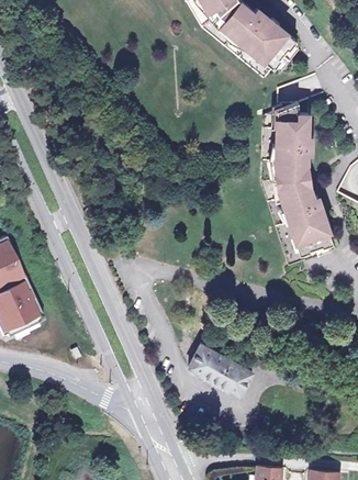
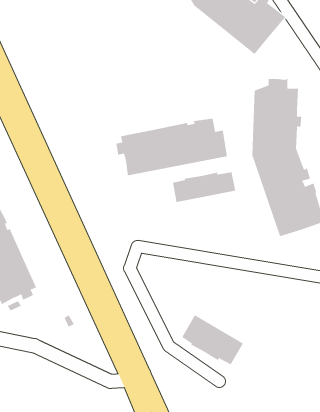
building: none -> [116,118,228,176]
building: none -> [172,172,236,203]

